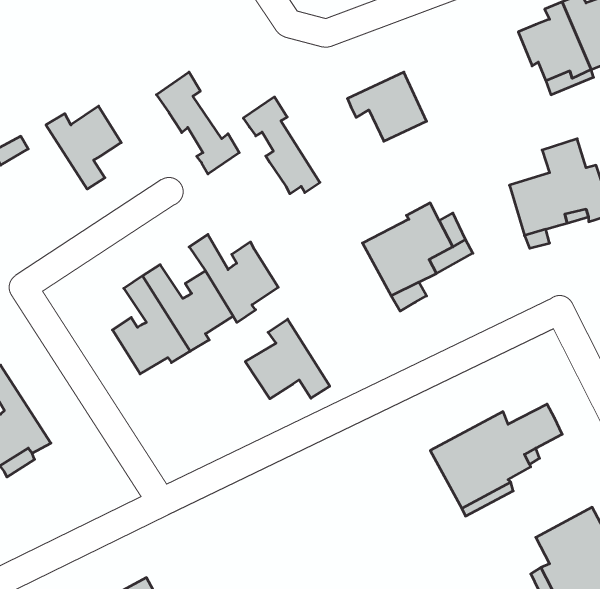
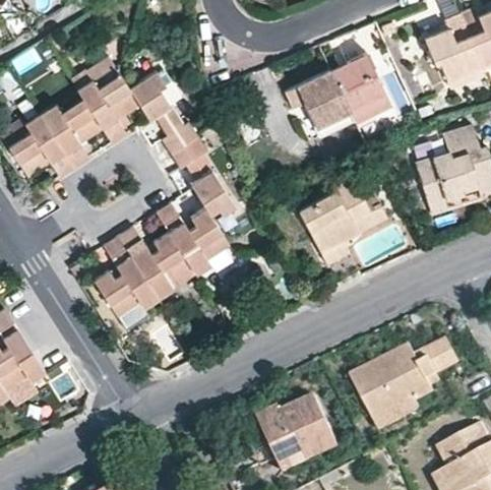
building: none -> [330,54,390,121]
building: none -> [78,74,140,142]
building: [243,97,320,194] -> [172,136,234,215]
building: none -> [8,114,74,176]
building: [245,319,330,399] -> none
building: none -> [258,396,339,473]

